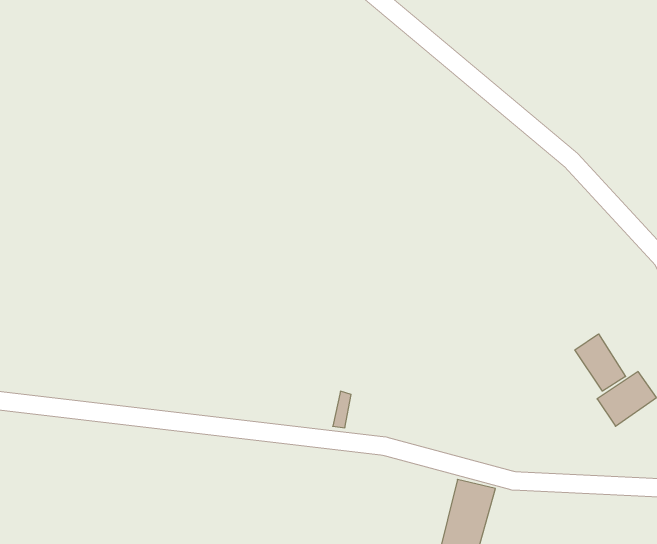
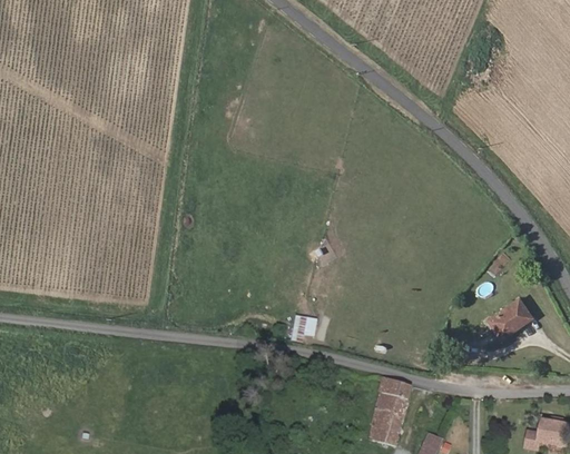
building: [575,334,626,391] -> none

